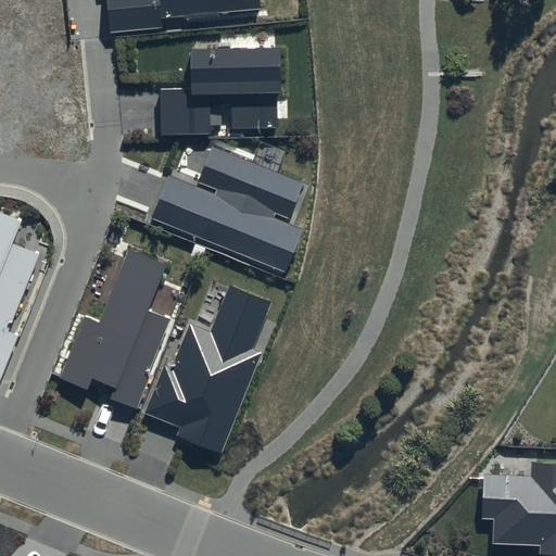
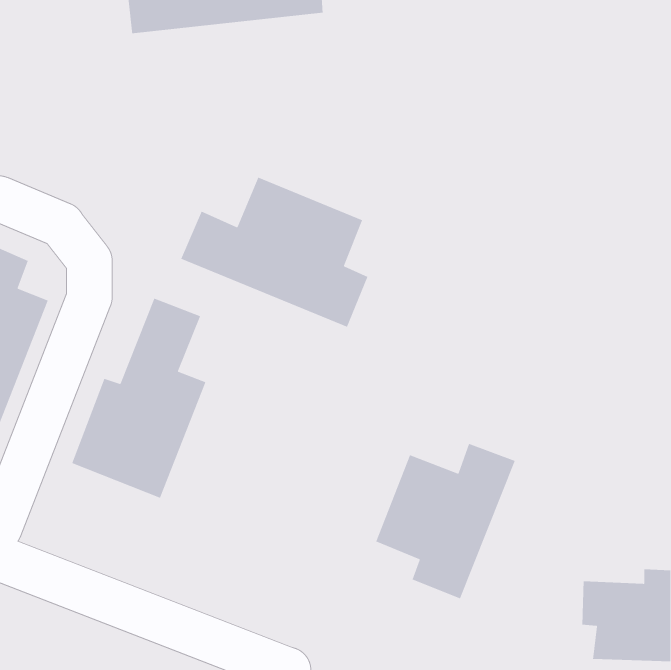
building: [155,45,283,137] -> none
building: [146,286,277,454] -> none
building: none -> [375,443,516,599]

